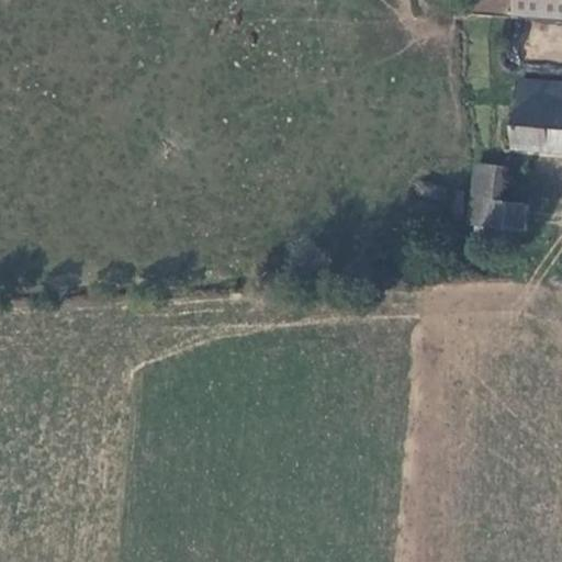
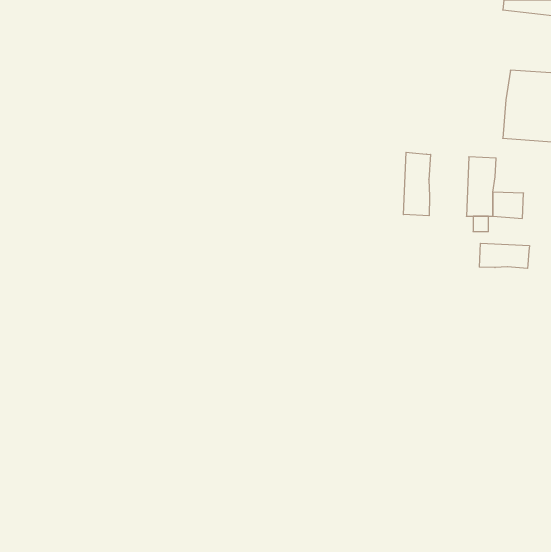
building: none -> [403,152,431,216]
building: none -> [479,243,529,268]

